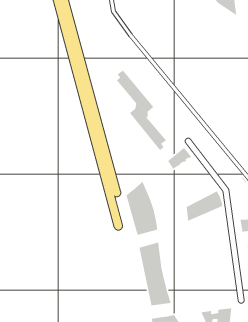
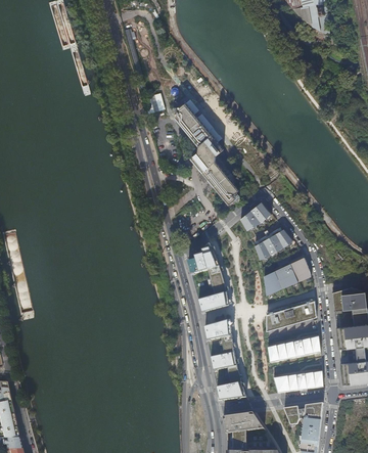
building: none -> [255,229,292,260]
building: none -> [267,301,317,331]
building: none -> [267,336,321,363]
building: none -> [273,370,323,394]

